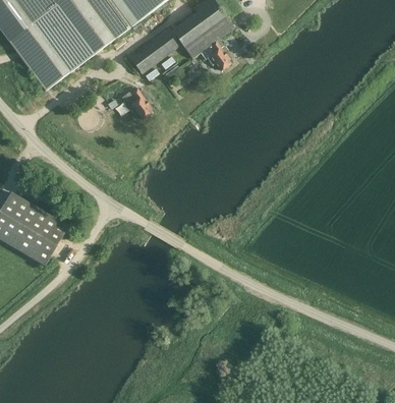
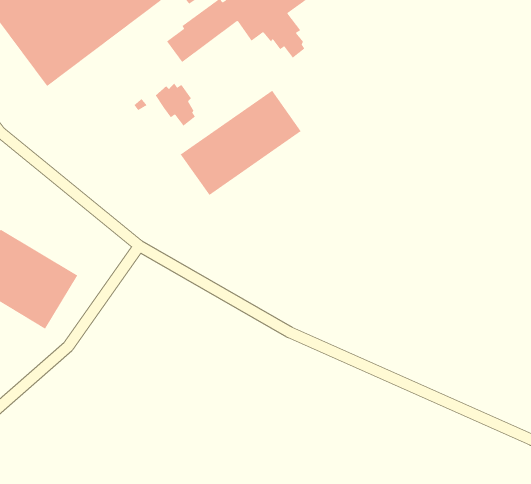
building: none -> [180,90,302,196]

